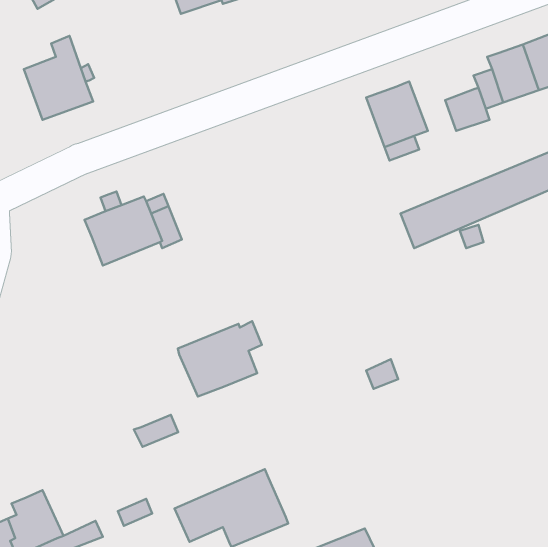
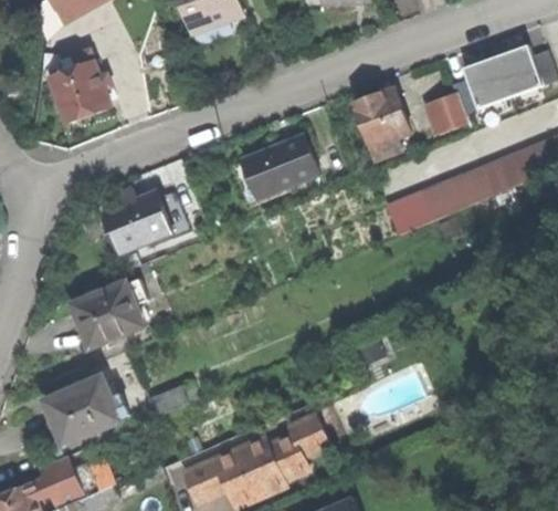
building: none -> [241,136,317,197]
building: [178,321,262,397] -> [72,279,147,346]
building: none -> [44,376,127,444]
building: none -> [266,414,327,479]

